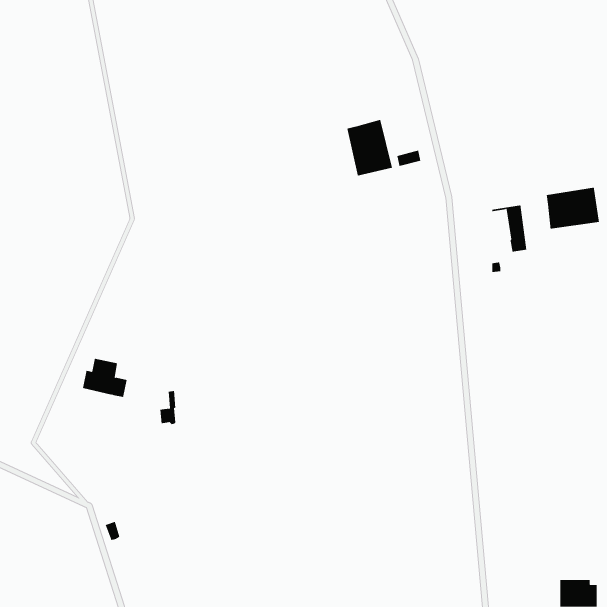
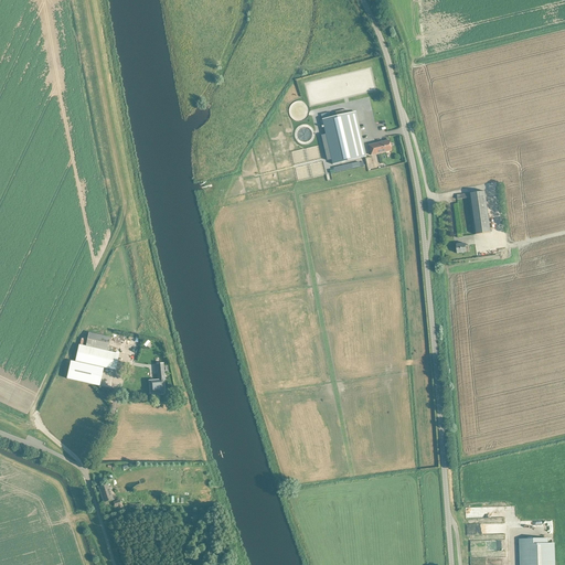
building: [546,187,600,230] -> none
building: none -> [66,360,104,385]

